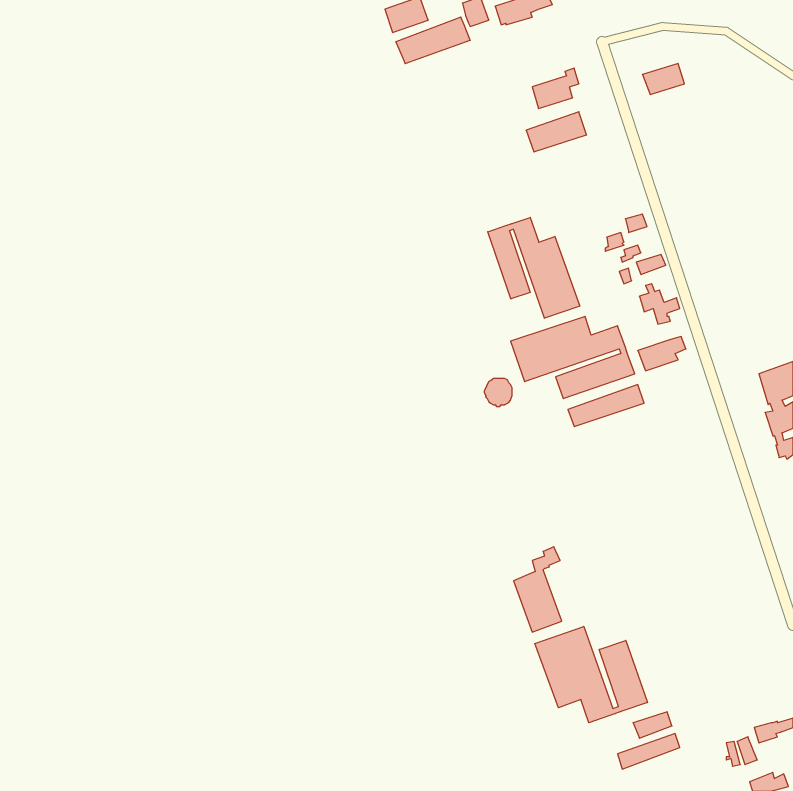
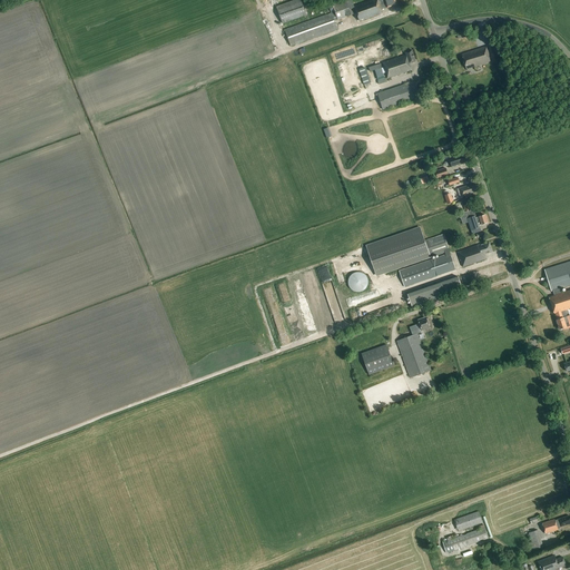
building: [488,217,580,318] -> none
building: none -> [362,344,394,374]
building: [514,547,562,632] -> [396,316,431,377]
building: [535,626,647,723] -> none

